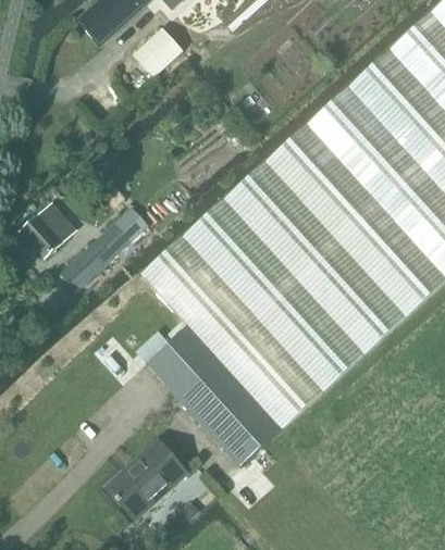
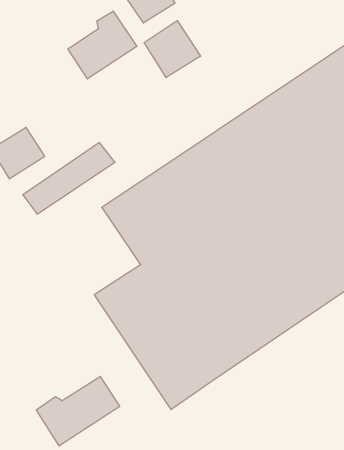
building: none -> [68,11,137,79]
building: none -> [144,21,201,78]

